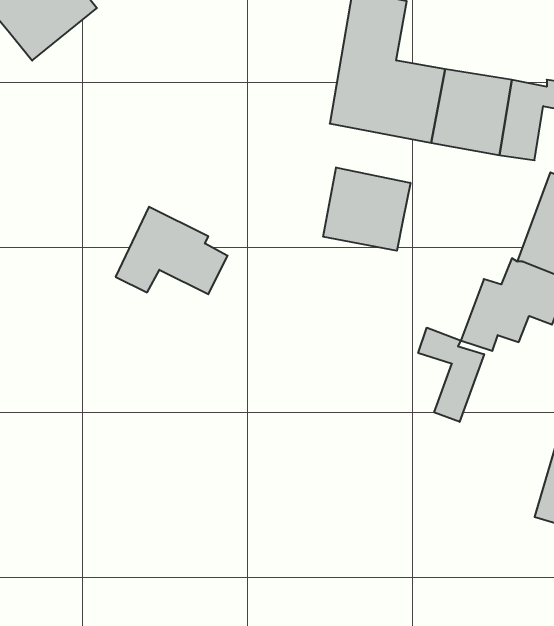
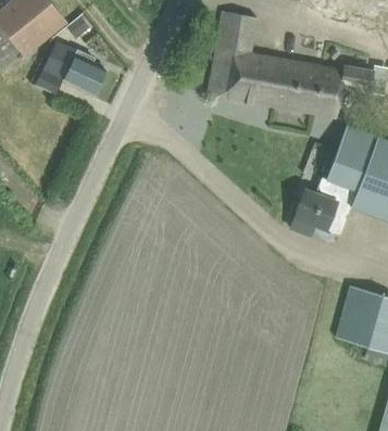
building: [323,167,410,251] -> none
building: [116,207,228,294] -> [37,40,107,94]
building: [418,328,484,422] -> none

